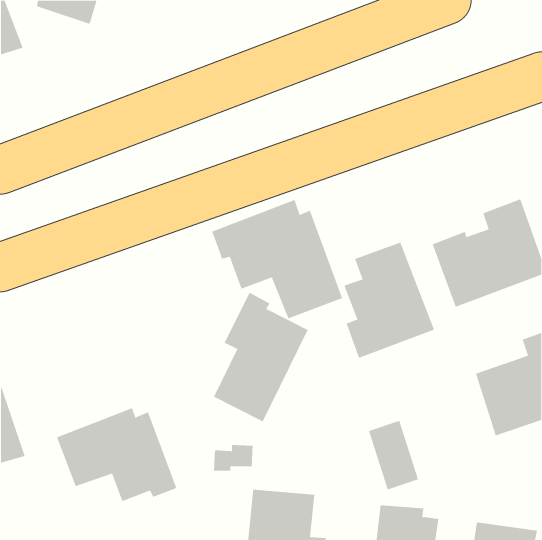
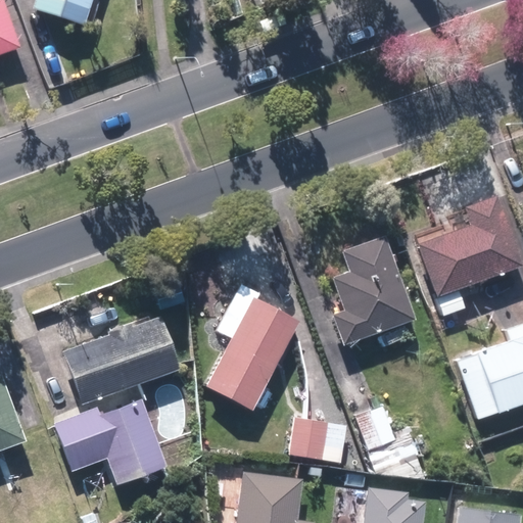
building: [211,199,343,319] -> none
building: none -> [63,318,179,403]
building: none -> [289,418,349,462]

